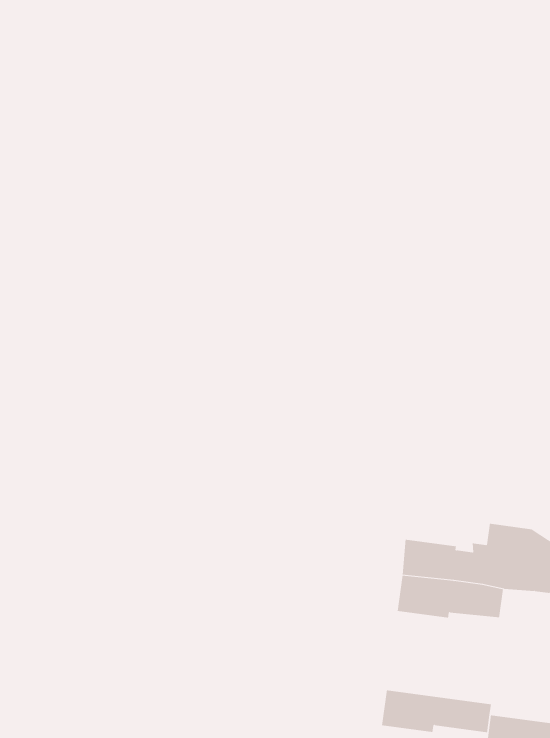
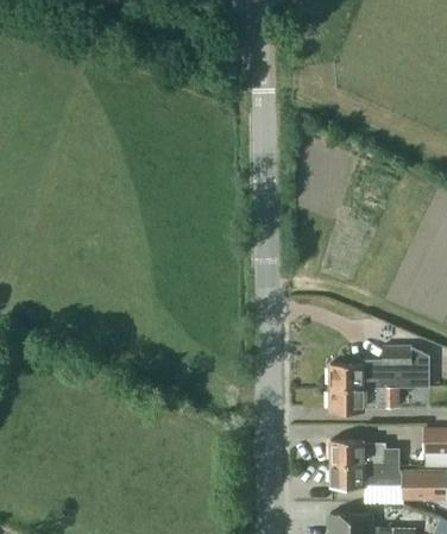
building: none -> [329,442,399,466]

